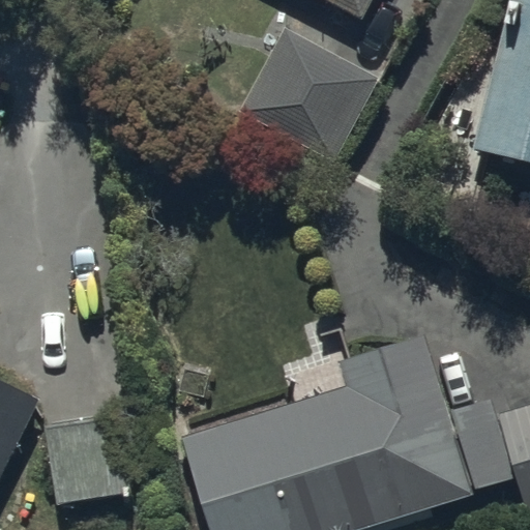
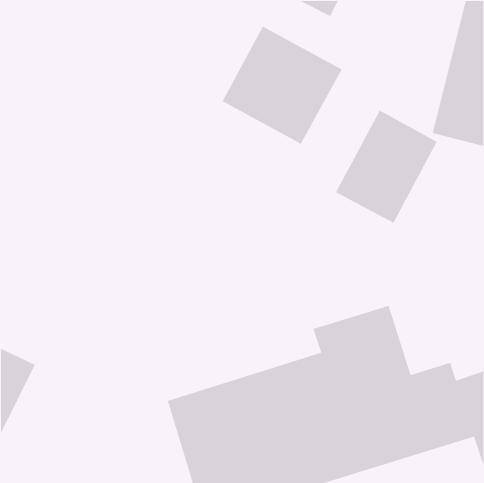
building: none -> [335,110,438,224]
building: [48,416,138,502] -> none

